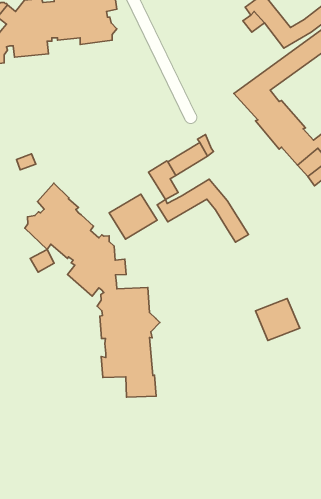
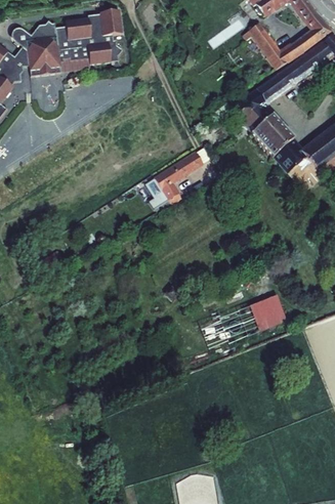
building: [157,179,248,242] -> none
building: [25,183,160,397] -> none
building: [109,194,157,239] -> none

